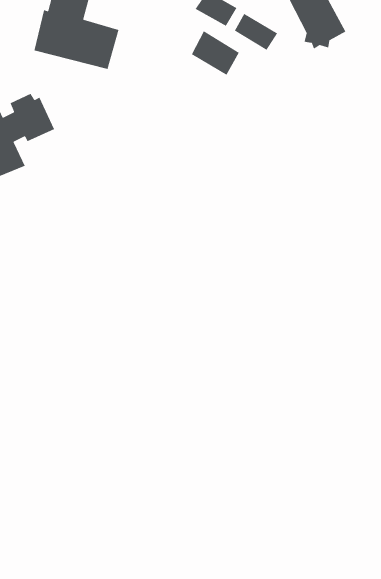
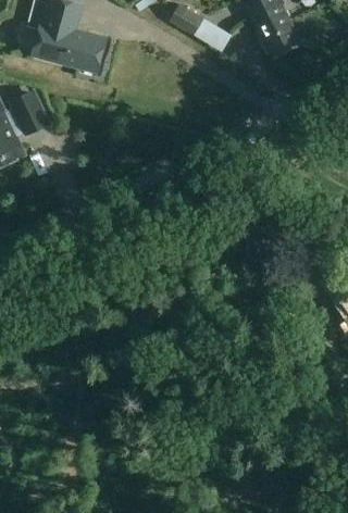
building: [191,30,240,76] -> none

